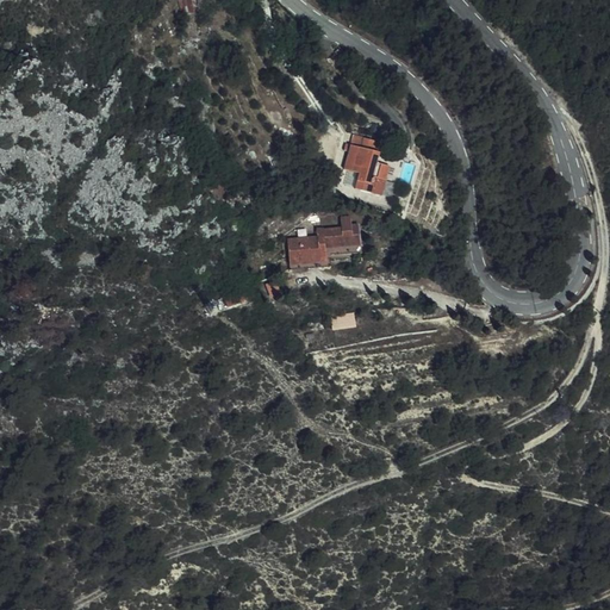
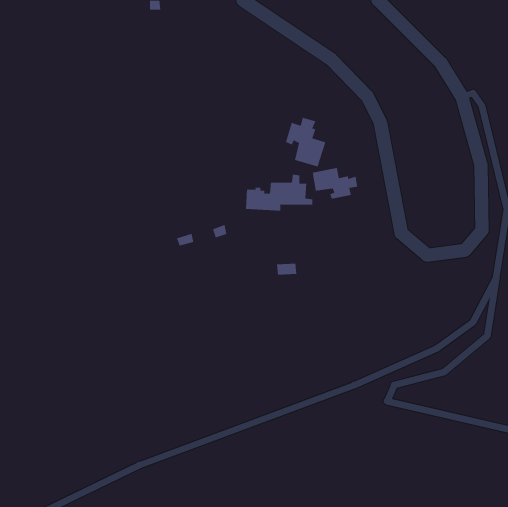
building: none -> [312,167,358,199]

